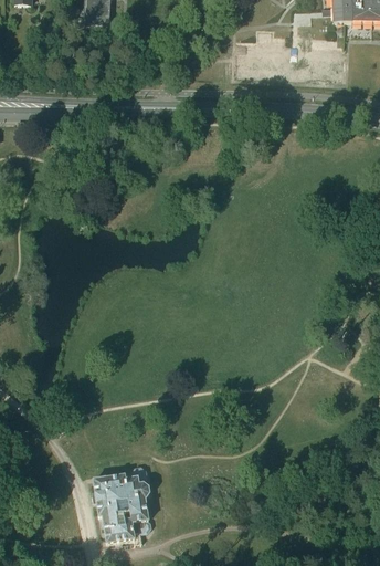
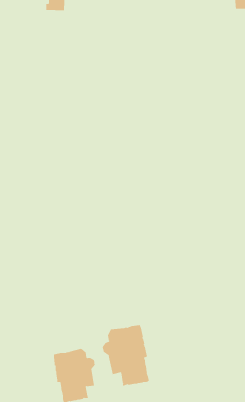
building: none -> [102,324,149,387]

